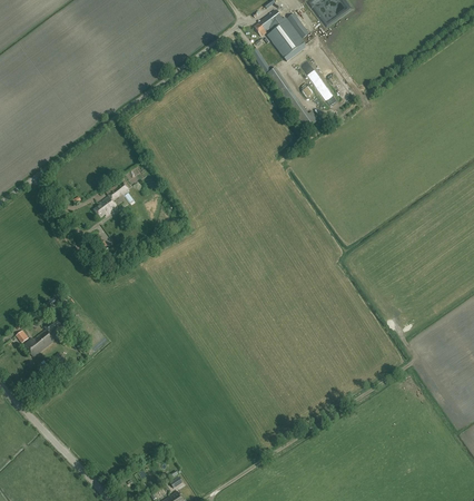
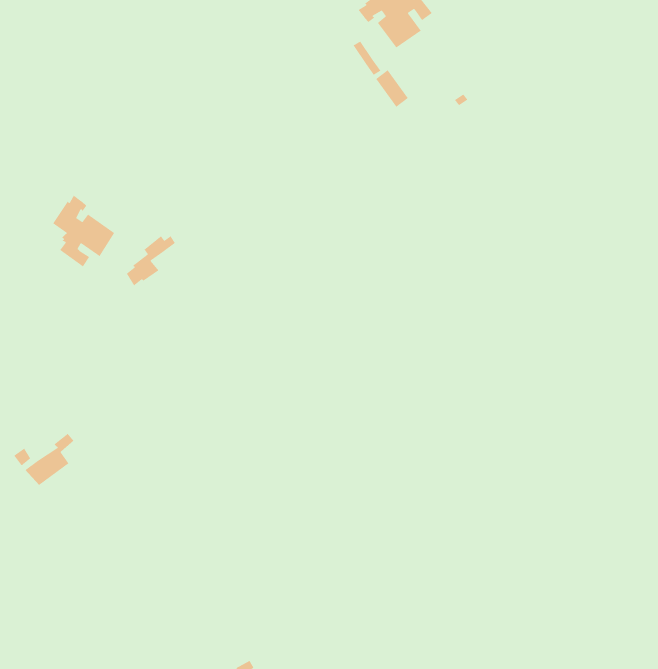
building: none -> [52,195,115,268]

